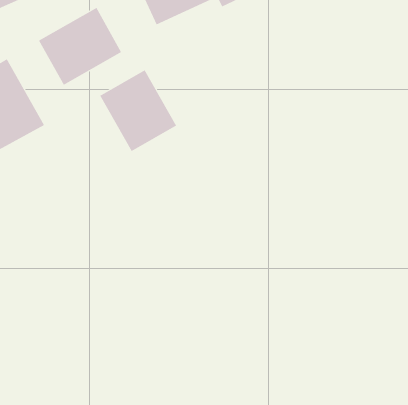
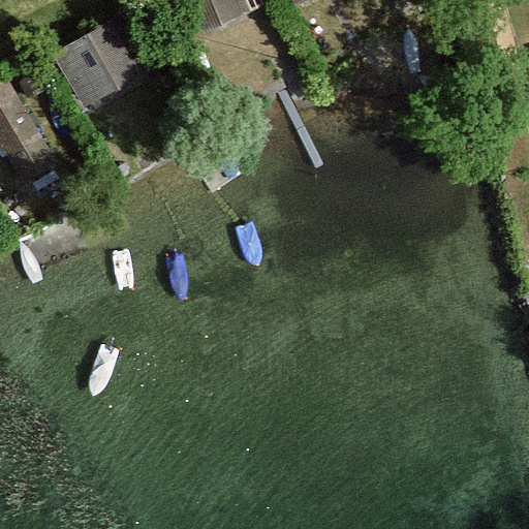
building: [99,69,177,152] -> none

